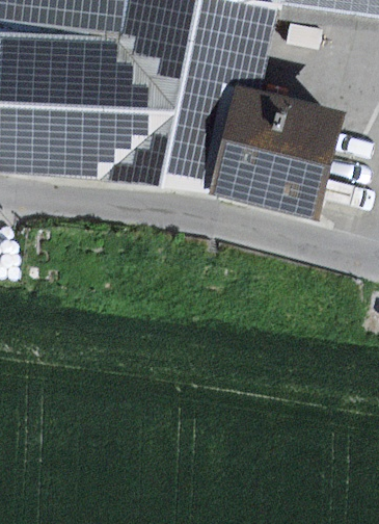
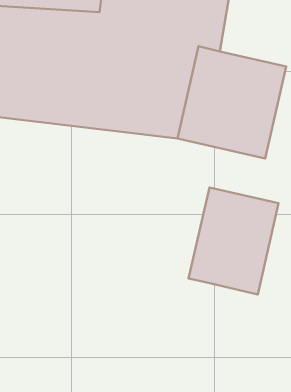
building: none -> [189,187,279,294]

